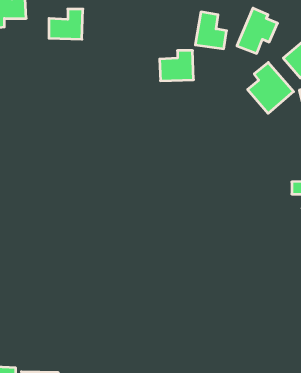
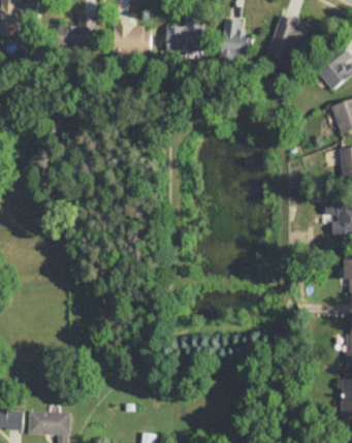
building: none -> [114,21,151,52]
building: [160,51,194,81] -> [166,18,203,51]
building: [248,62,294,113] -> none

